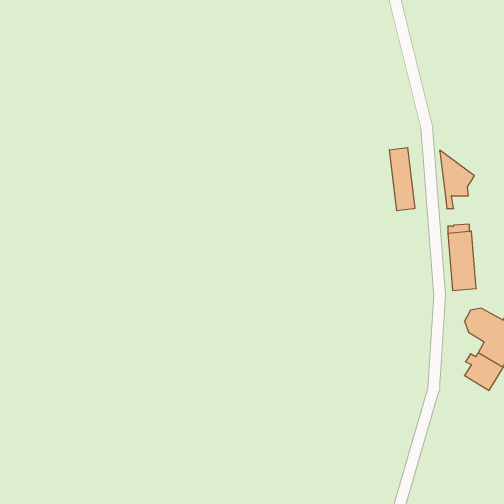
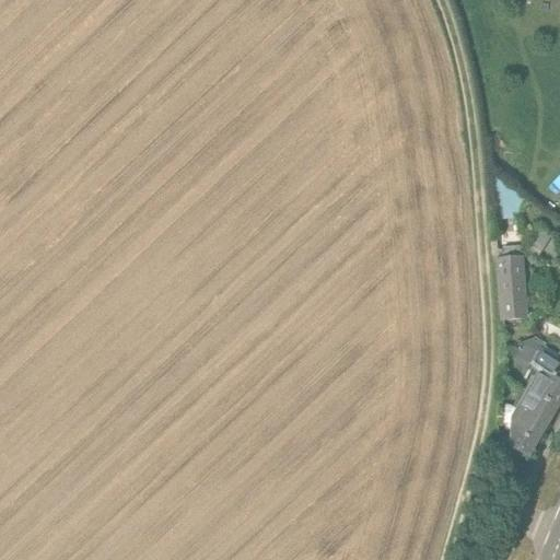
building: [389,148,415,211] -> none
building: none -> [504,416,542,456]

